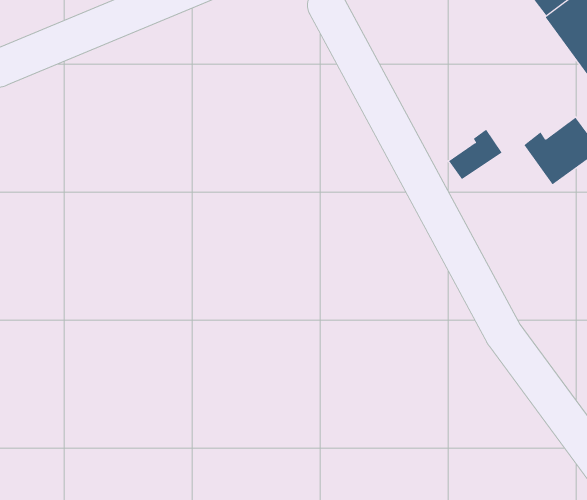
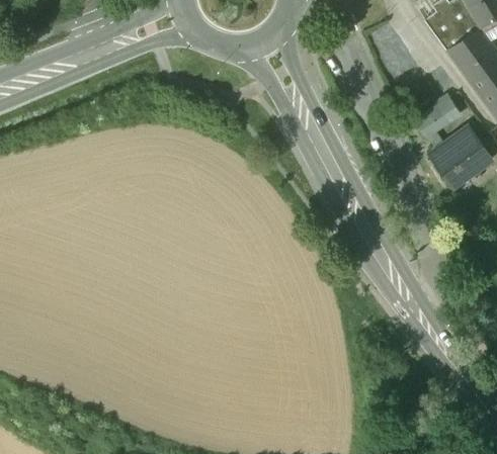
building: [448,129,503,180] -> [415,96,460,138]

